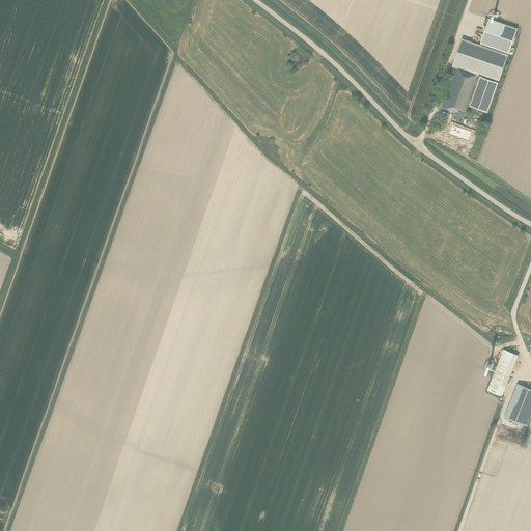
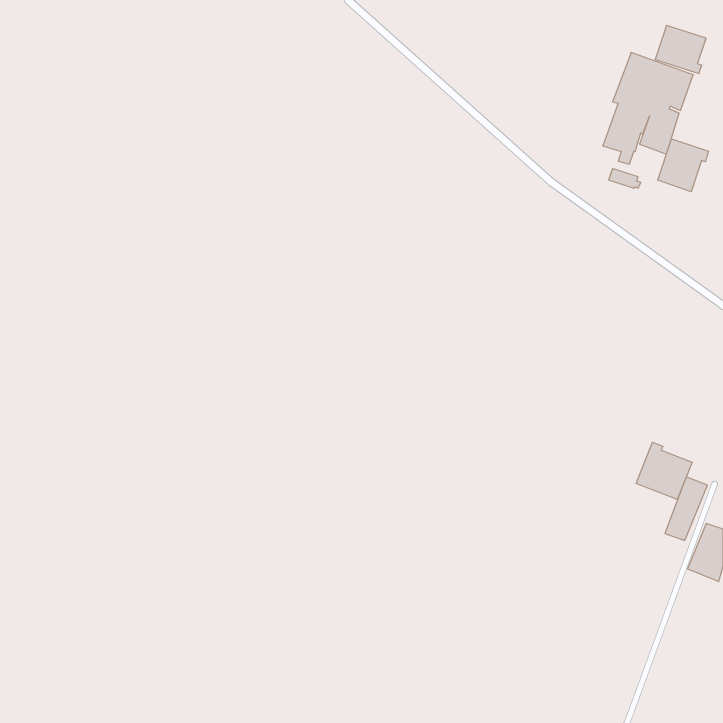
building: none -> [658,139,709,192]
building: none -> [636,442,692,499]

